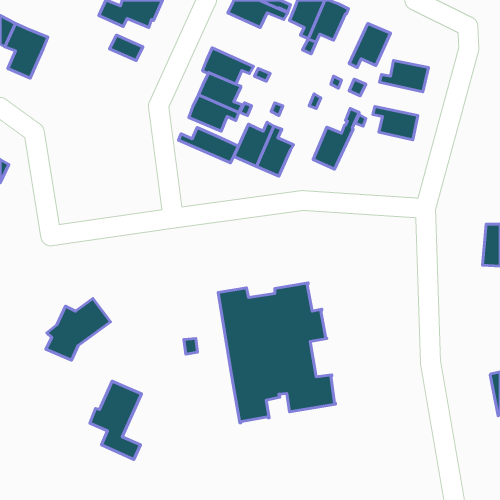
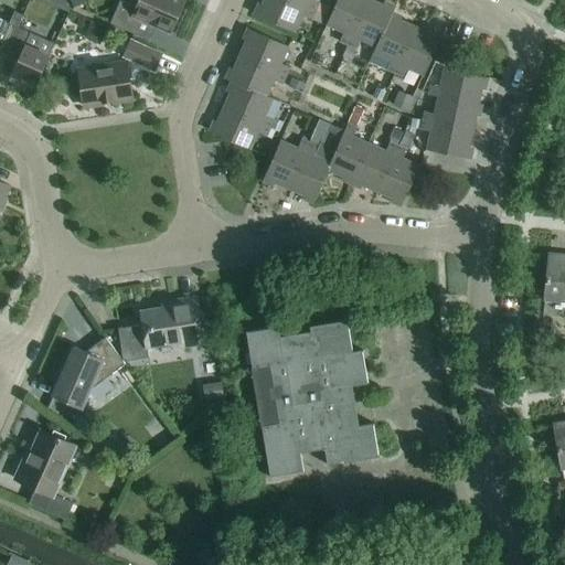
building: none -> [373,15,415,72]
building: none -> [239,29,289,75]
building: none -> [78,61,132,106]
building: none -> [423,95,477,130]
building: none -> [328,122,369,180]
building: [179,128,239,163] -> none
building: none -> [377,146,418,202]
building: none -> [118,297,203,362]
building: [90,381,142,459] -> [15,430,74,519]

